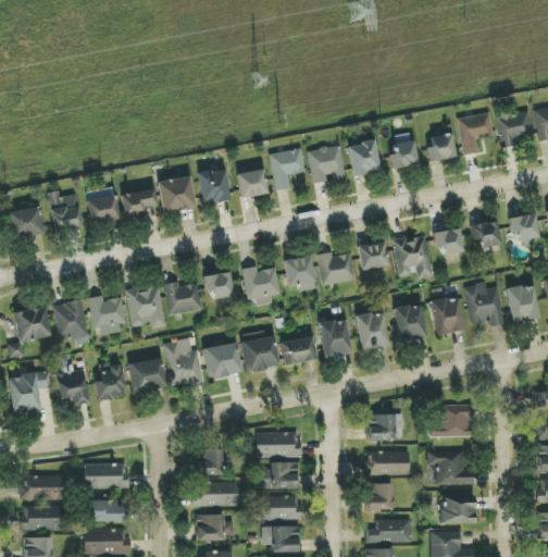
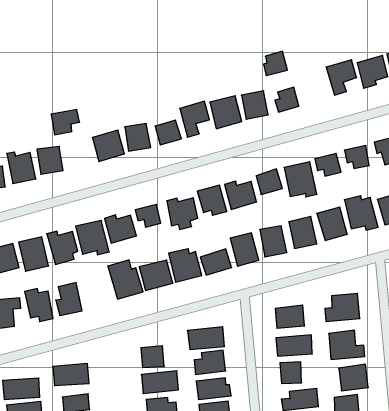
building: [426,133,456,161] -> [263,51,287,75]
building: [121,189,155,219] -> [51,109,80,135]
building: [128,359,164,392] -> none

